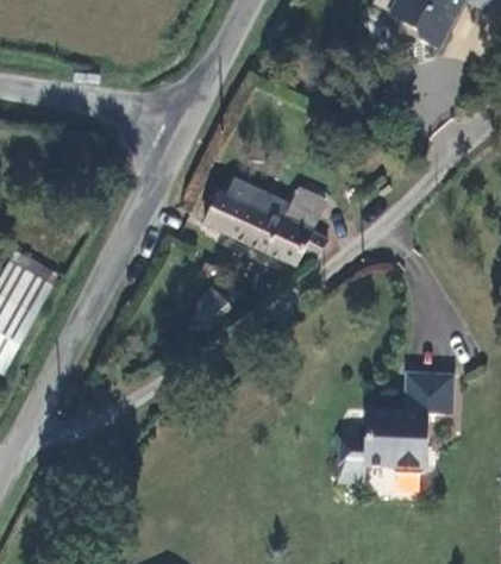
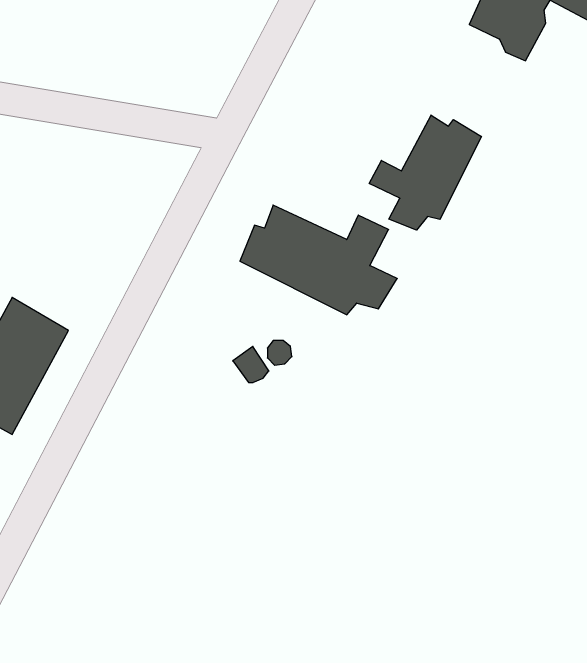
building: none -> [369,115,481,230]
building: [334,374,452,474] -> none

